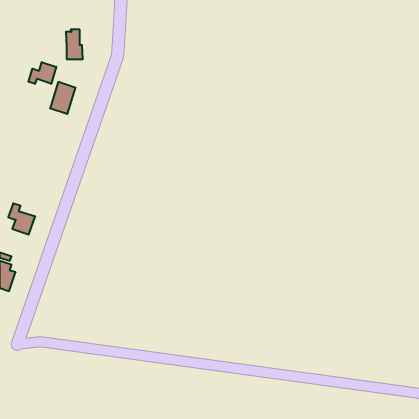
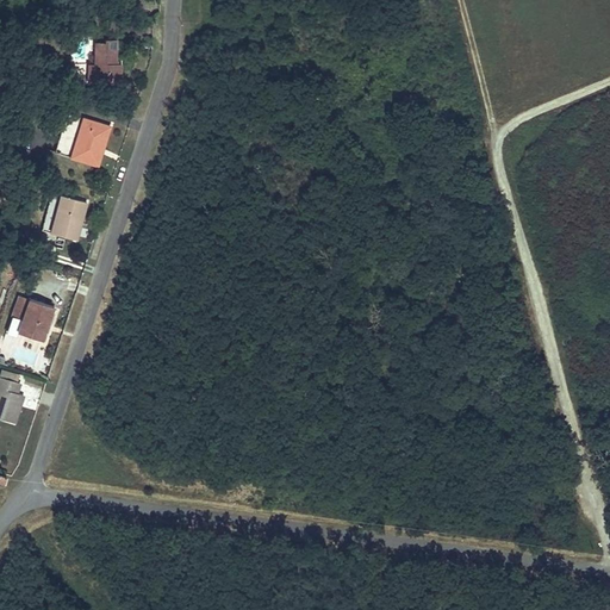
building: [28,62,56,84] -> none
building: none -> [49,194,88,241]

